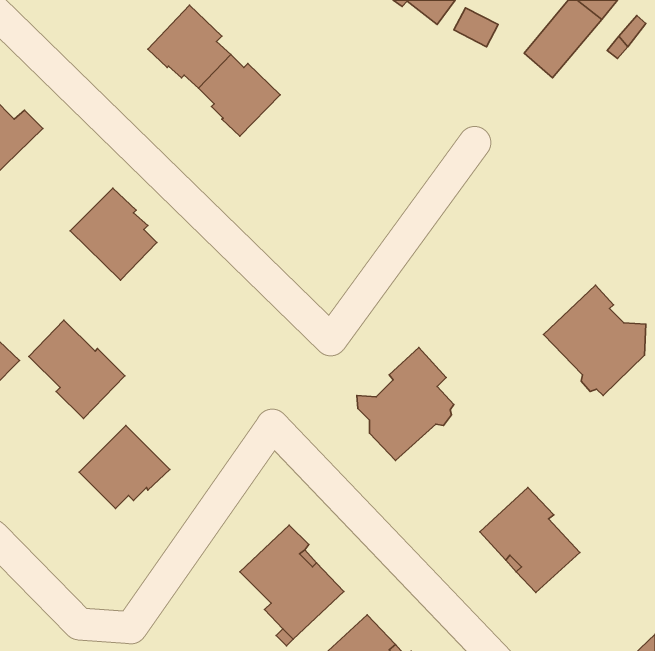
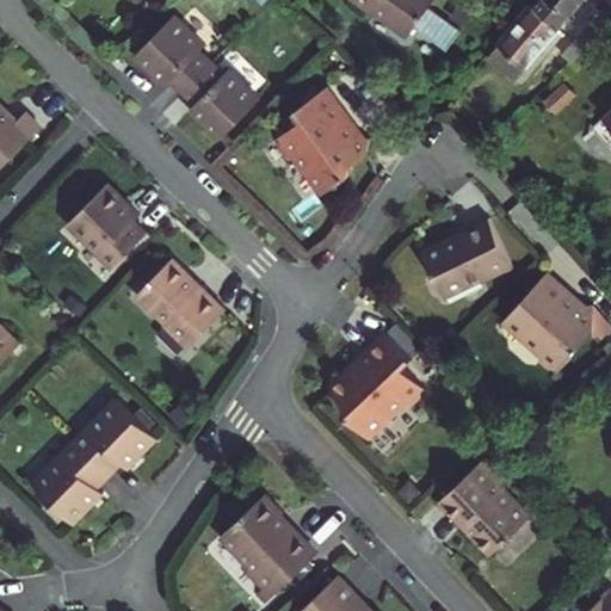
building: none -> [278,87,368,190]
building: none -> [424,216,513,294]
building: [29,320,125,419] -> [137,260,226,351]
building: none -> [32,445,106,527]

